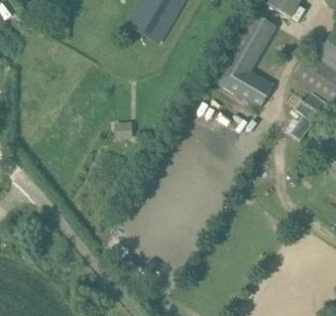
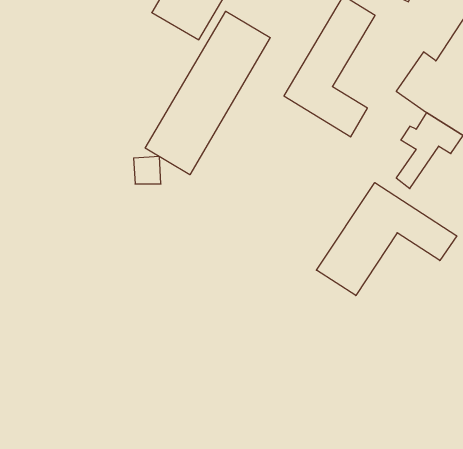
building: none -> [145,11,270,175]
building: none -> [316,183,457,296]

